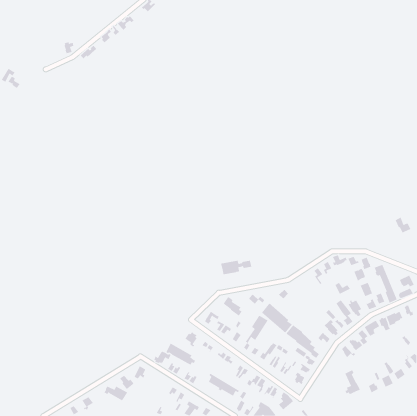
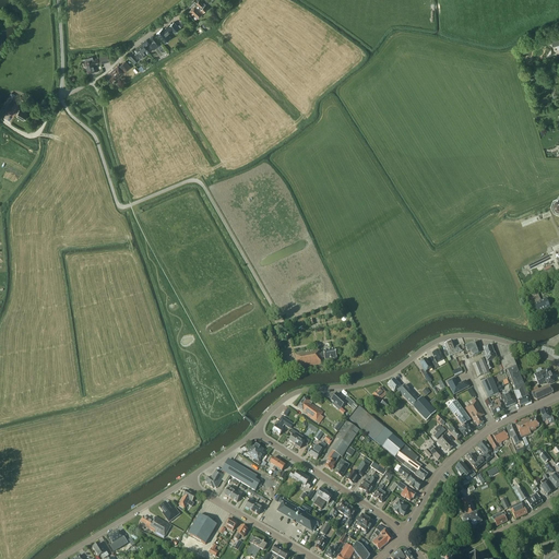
building: none -> [388,379,437,420]
building: none -> [188,513,217,544]

